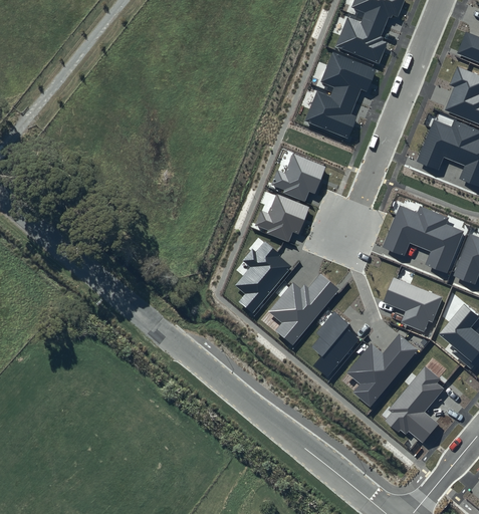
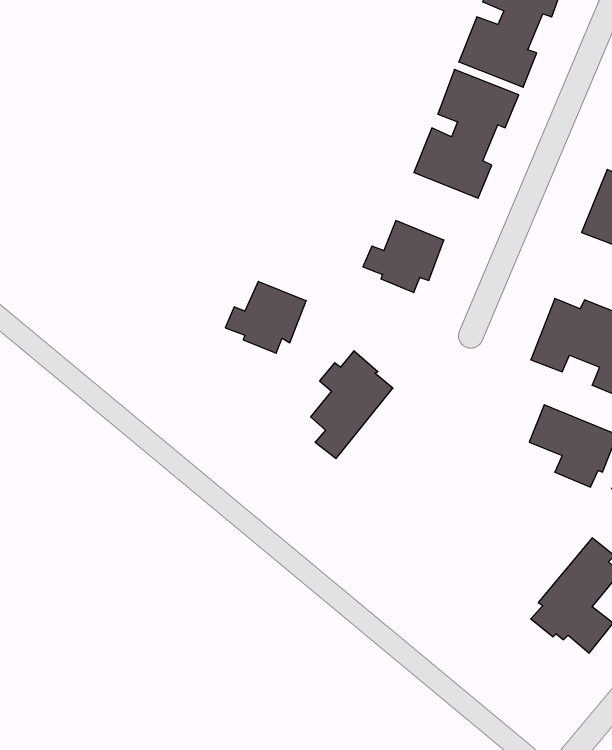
building: [255,194,309,242] -> [225,281,306,353]
building: [268,274,339,345] -> none
building: [311,311,360,376] -> none
building: [346,334,418,408] -> none

